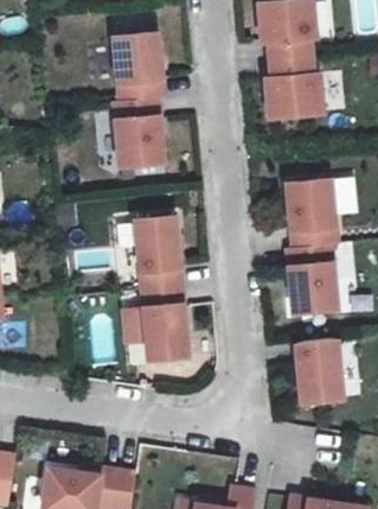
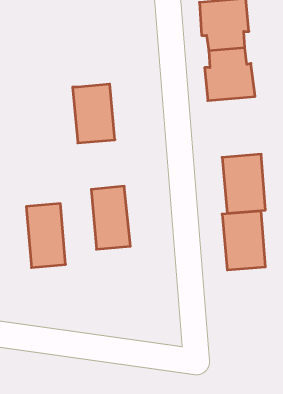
building: [115,34,164,102] -> none
building: [142,285,187,358] -> [26,204,66,268]
building: [295,338,340,401] -> none

